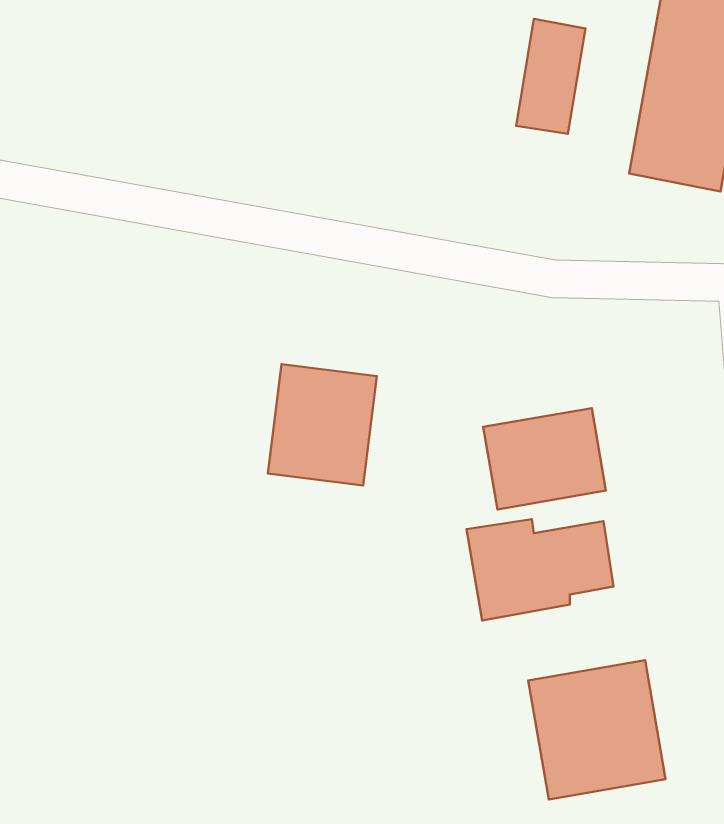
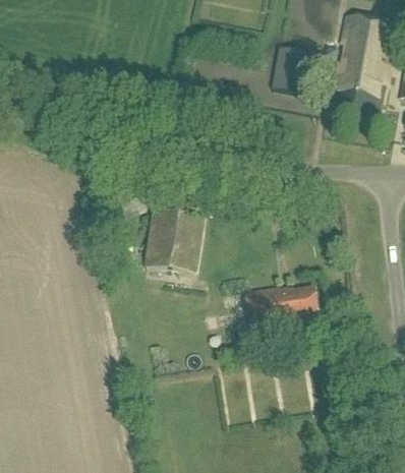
building: [483,408,606,509] -> none
building: [528,660,666,800] -> none

